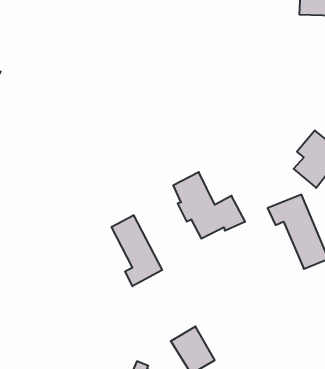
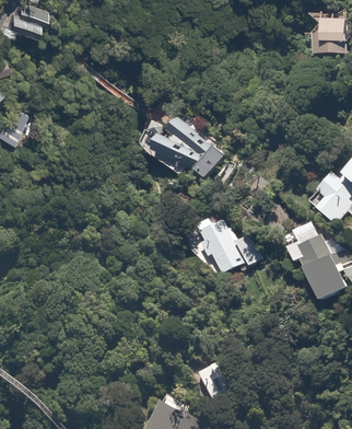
building: none -> [154,118,224,177]
building: [112,215,162,286] -> none

